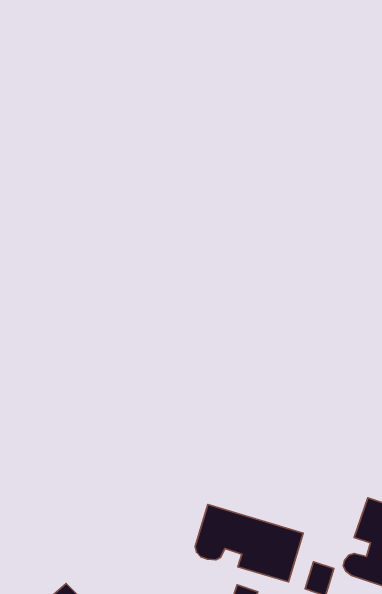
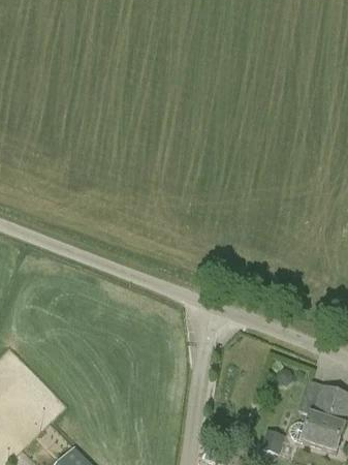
building: [195,504,303,582] -> none

